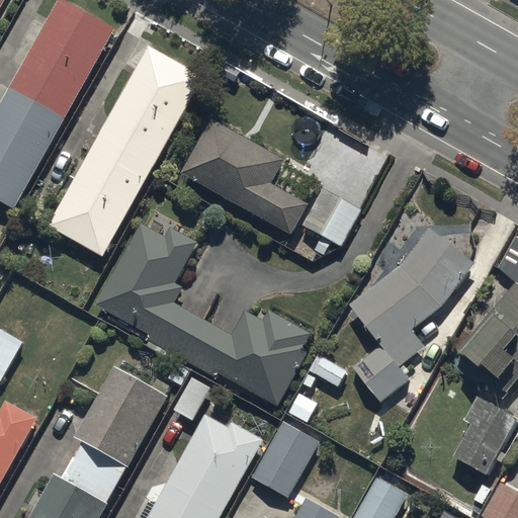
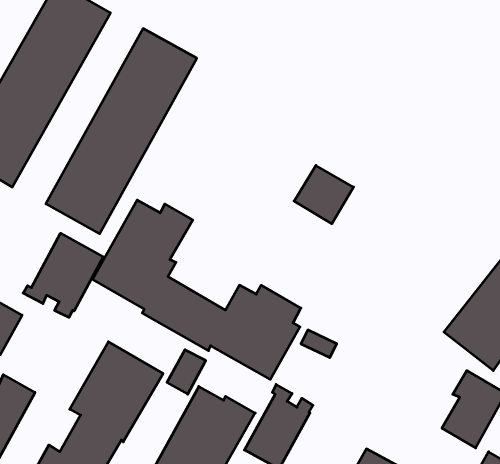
building: [179,119,308,236] -> none
building: [349,230,473,402] -> none
building: none -> [23,233,103,317]

